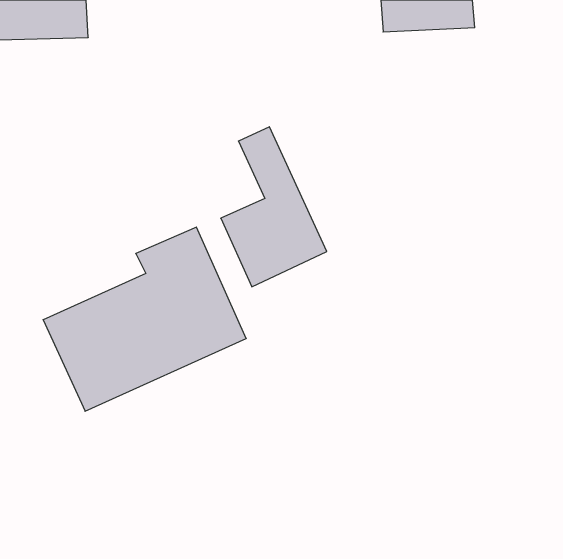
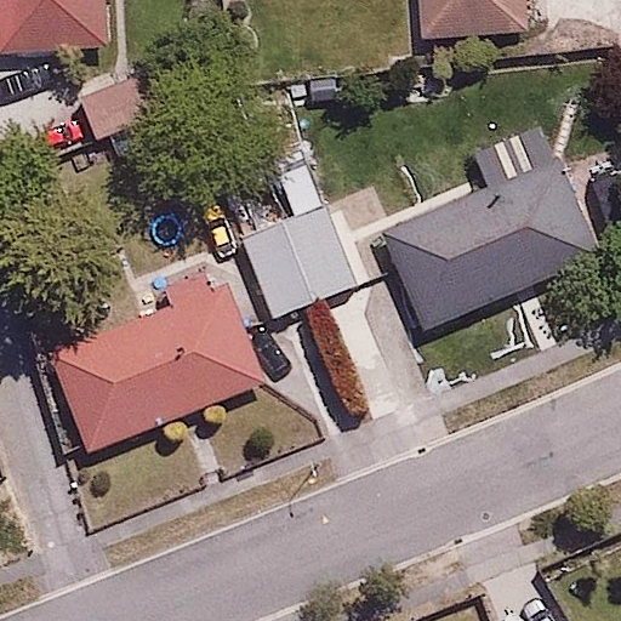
building: none -> [381,137,596,324]

